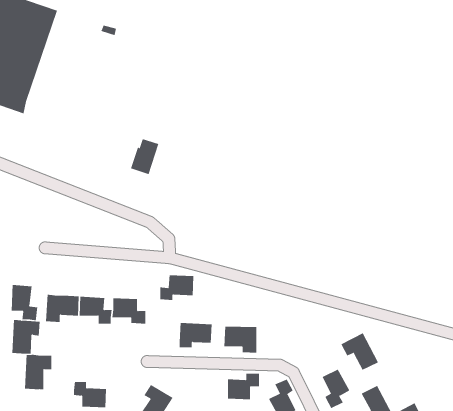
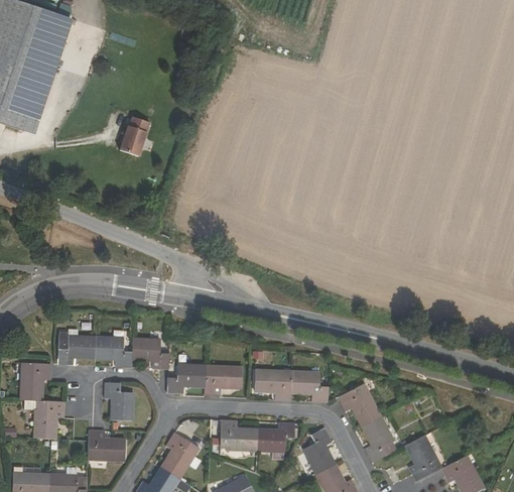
building: [130,138,159,175] -> [117,116,149,156]
building: [160,275,194,300] -> [167,364,206,392]
building: [11,284,38,321] -> none
building: none -> [291,370,330,401]
building: [340,332,379,371] -> [339,383,381,425]
building: none -> [105,382,133,419]
building: none -> [221,419,258,450]

